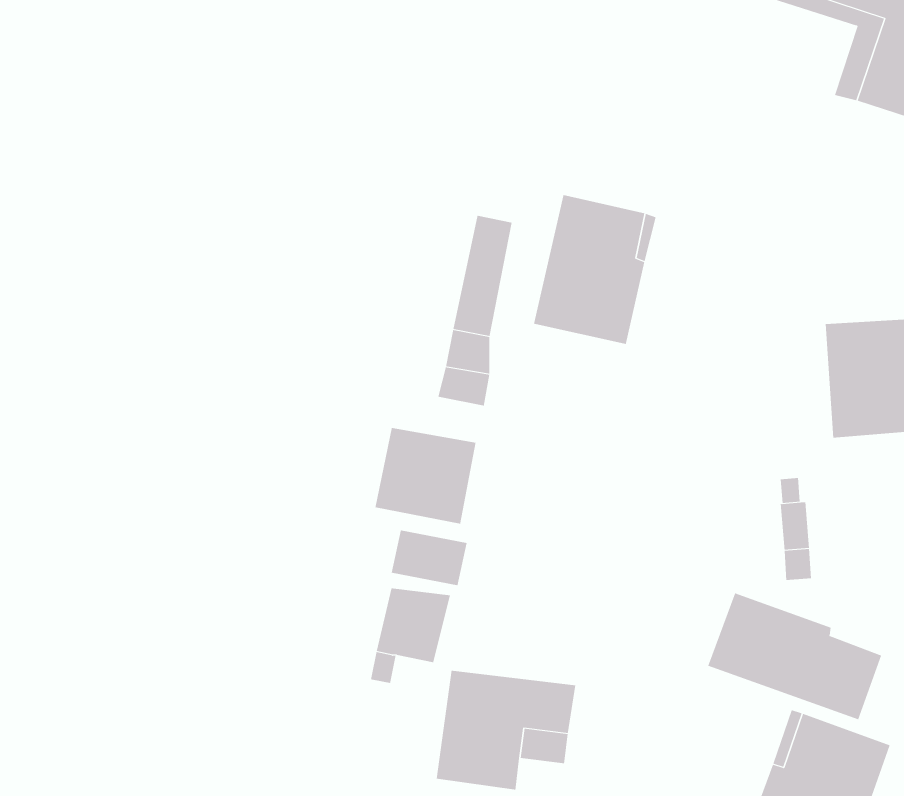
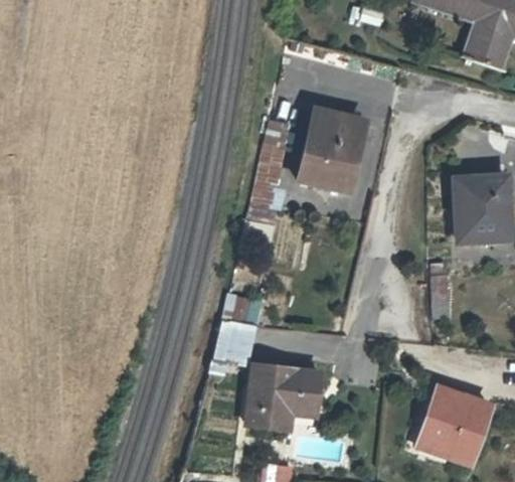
building: [375,427,476,525] -> none
building: [707,592,882,720] -> none

